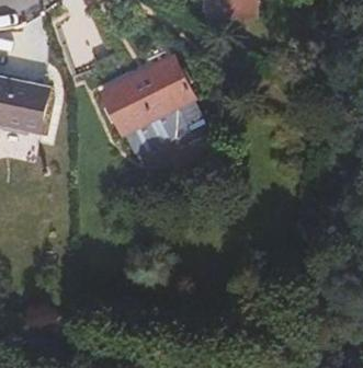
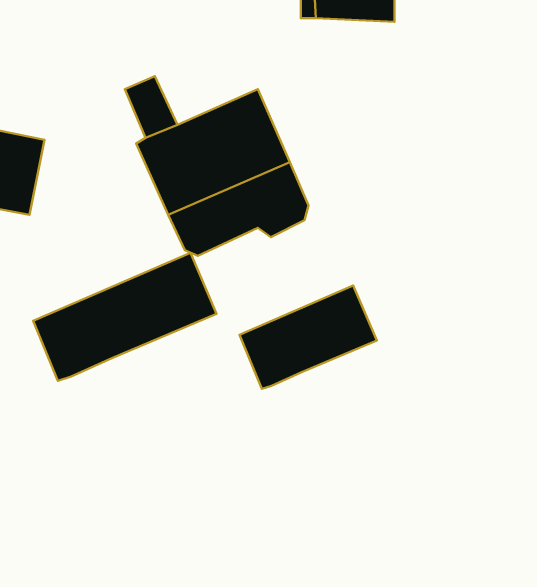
building: none -> [33,253,217,381]
building: none -> [239,285,377,389]

